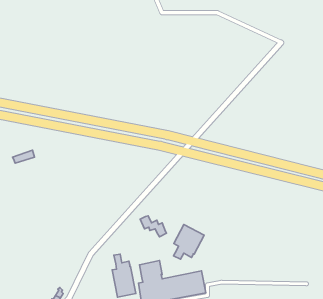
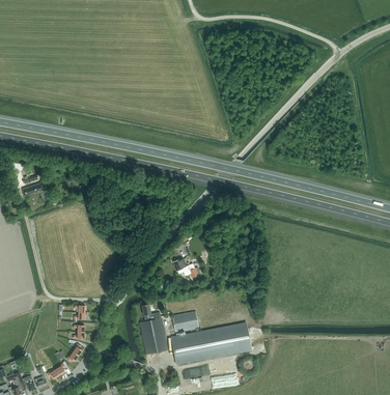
building: [174,224,204,259] -> none

